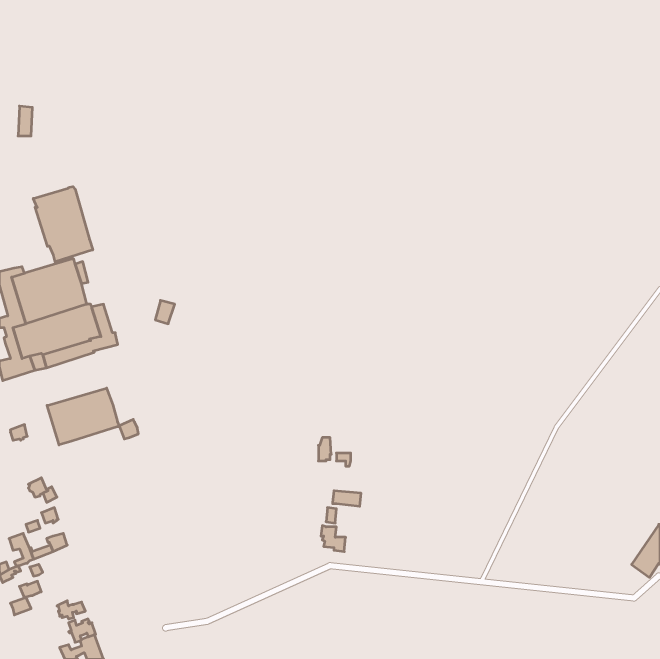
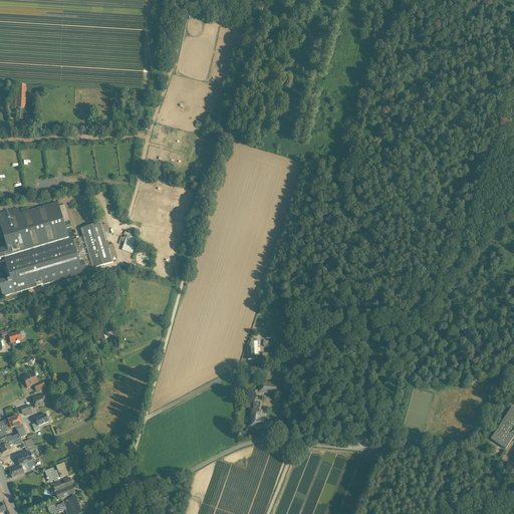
building: [33,187,93,262] -> none
building: none -> [80,221,112,267]
building: [47,388,119,445] -> none

